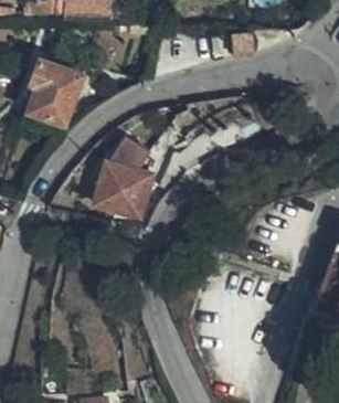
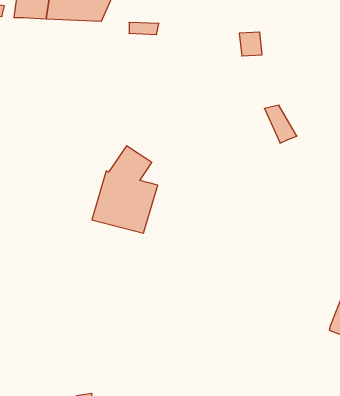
building: [28,60,80,124] -> none

